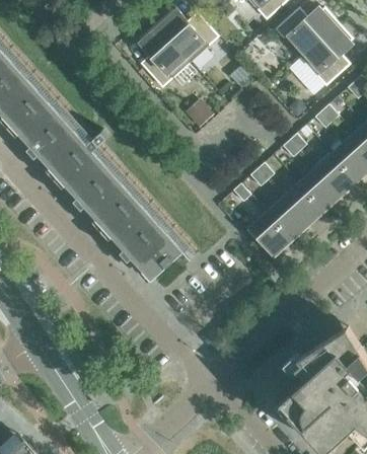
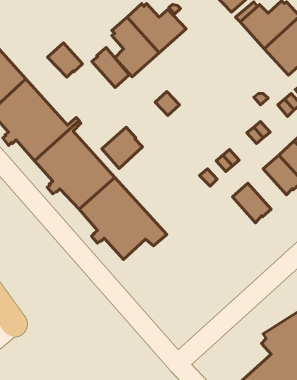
building: none -> [48,43,82,77]
building: none -> [92,48,129,88]
building: none -> [102,127,142,169]
building: [283,184,323,227] -> none
building: [246,214,291,257] -> none

